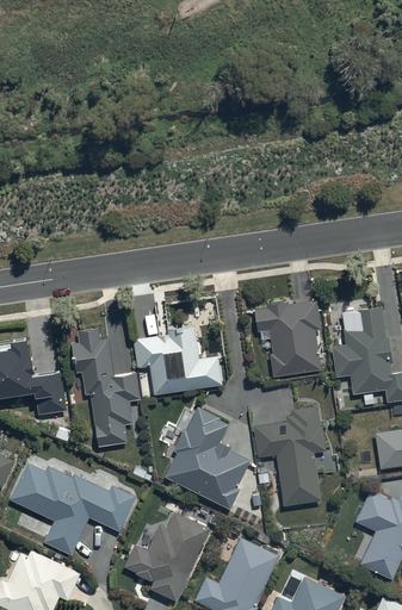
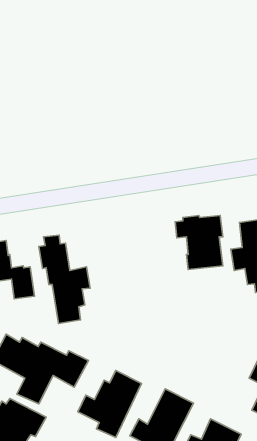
building: [132,322,223,396] -> none
building: [162,406,251,509] -> none
building: [252,407,324,505] -> none

